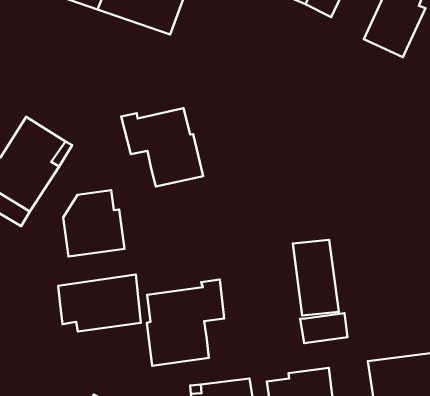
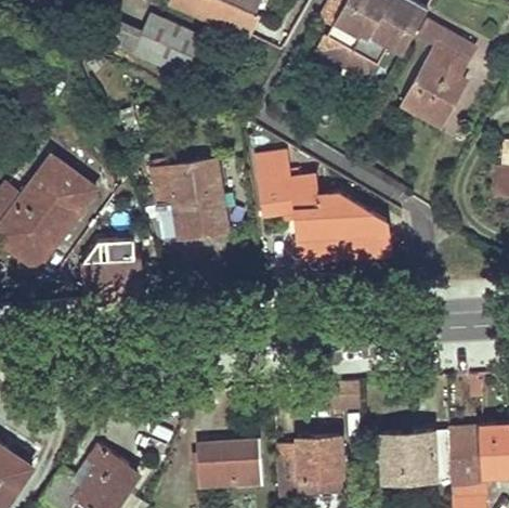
building: none -> [256,154,391,258]
building: [293,240,339,315] -> none
building: [58,274,141,332] -> none
building: [147,280,224,366] -> none

